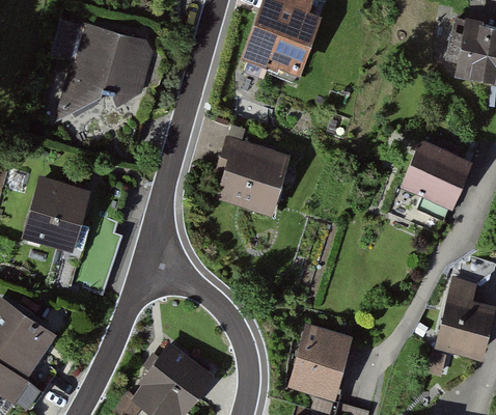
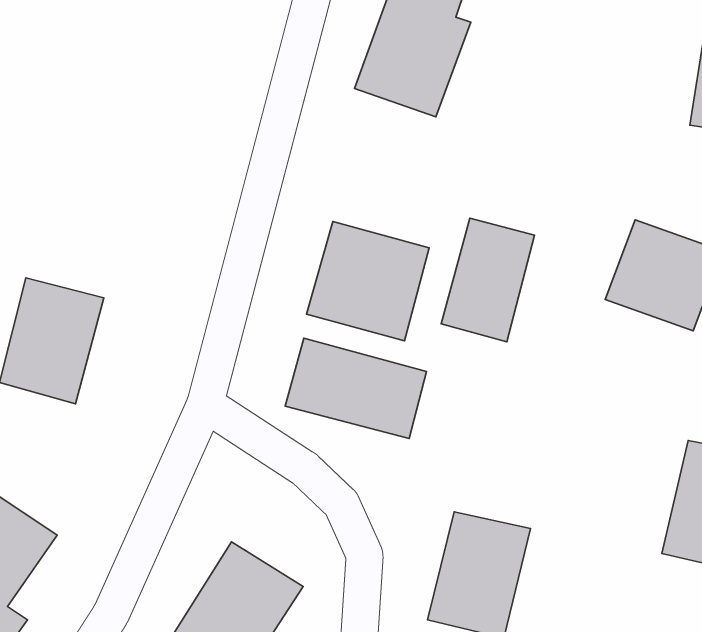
building: [53,22,151,120] -> none
building: none -> [441,218,535,342]
building: none -> [285,338,427,439]

